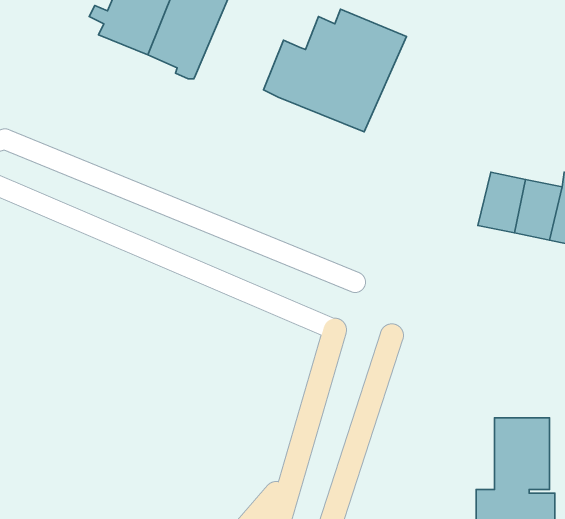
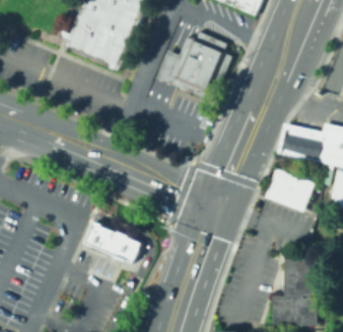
building: none -> [267,168,316,213]
building: none -> [84,220,140,261]

